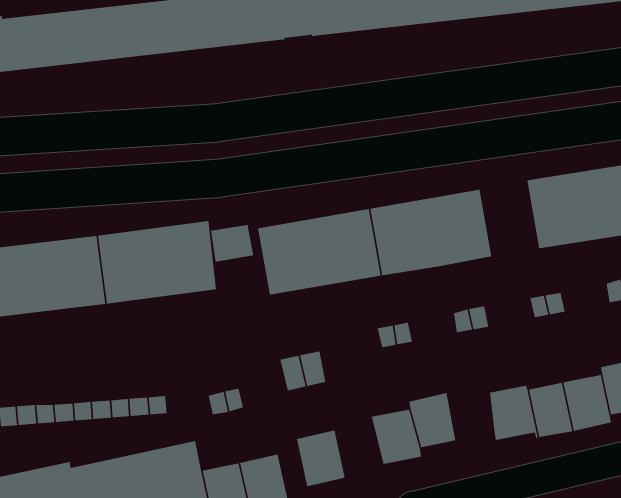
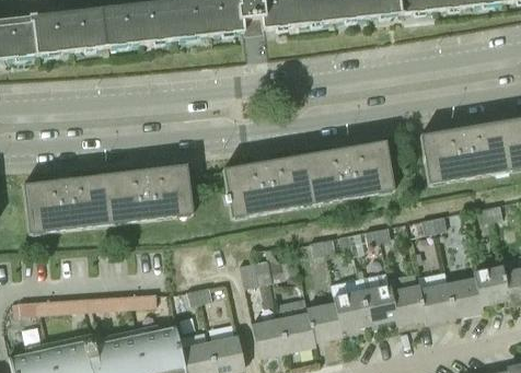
building: [210,224,254,262] -> none
building: none -> [361,283,395,324]
building: none -> [279,311,315,351]

